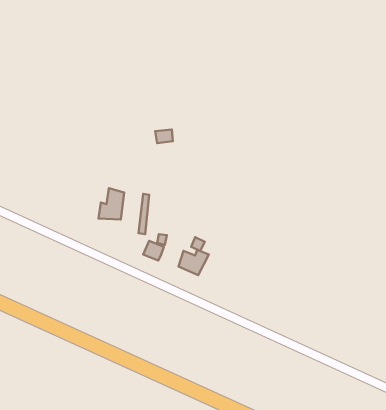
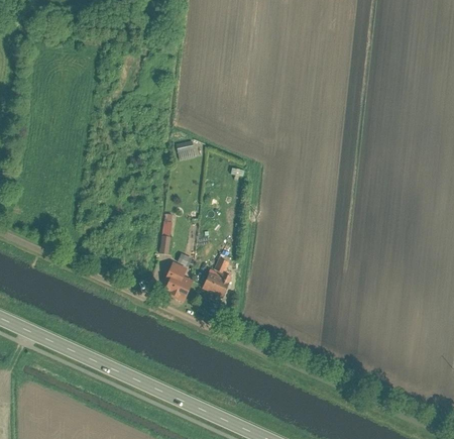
building: [99,188,124,219] -> none
building: none -> [162,276,194,302]

